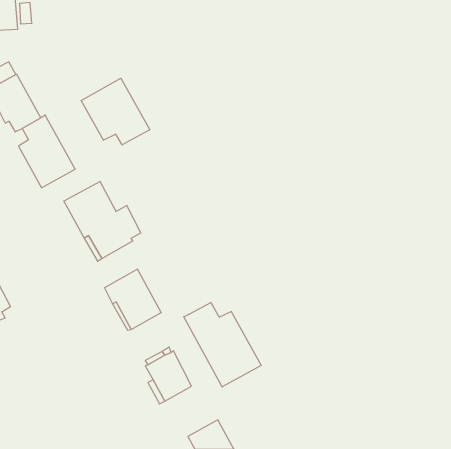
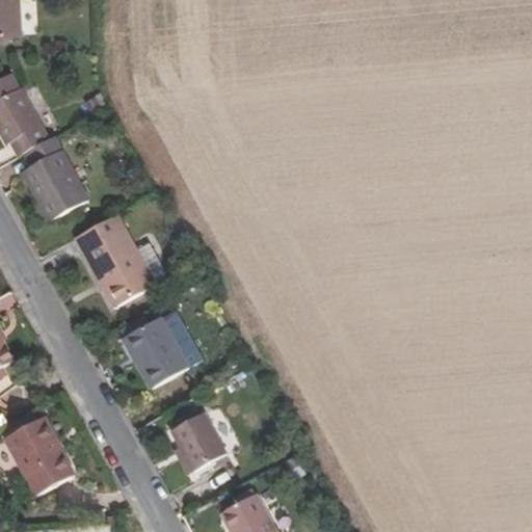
building: [81,78,150,145] -> none
building: [184,302,261,387] -> none
building: none -> [5,417,74,495]

